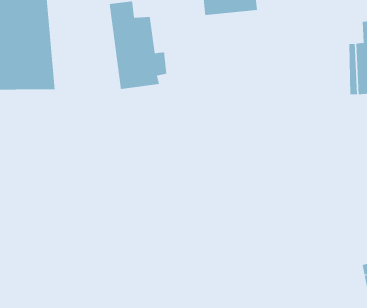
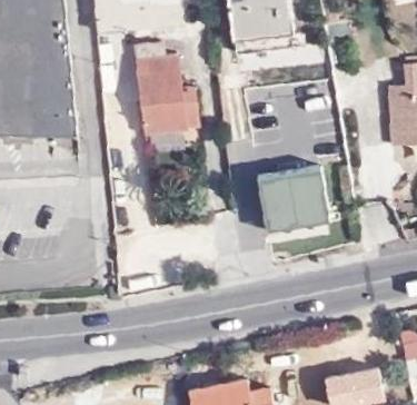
building: none -> [257,165,329,233]

